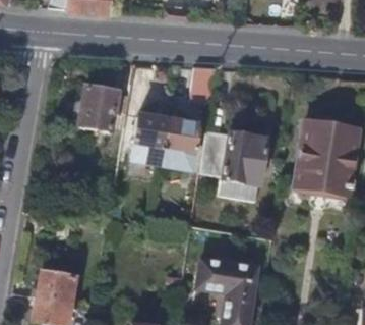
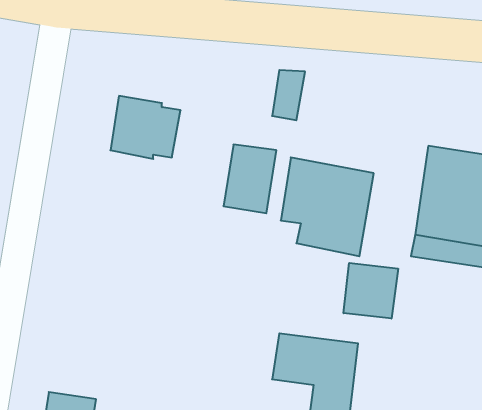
building: [131,115,168,164] -> none
building: none -> [344,263,398,319]
building: [37,271,75,302] -> none

